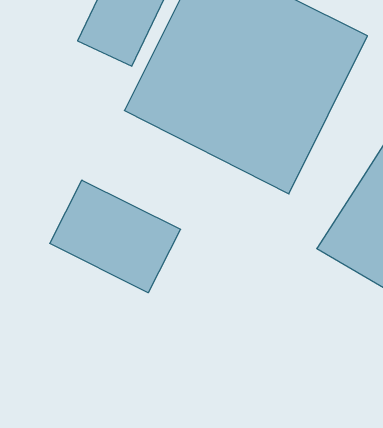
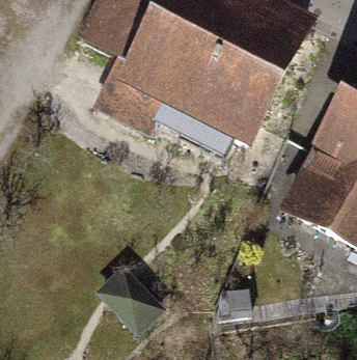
building: [50,180,181,293] -> none

